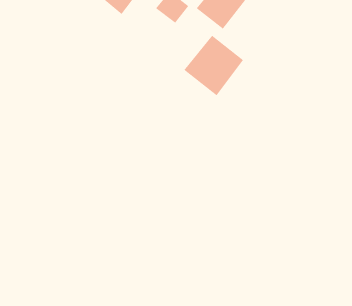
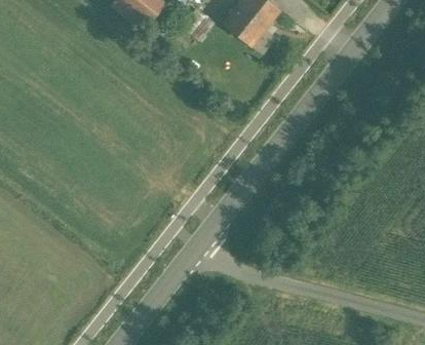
building: [184,35,244,96] -> none

